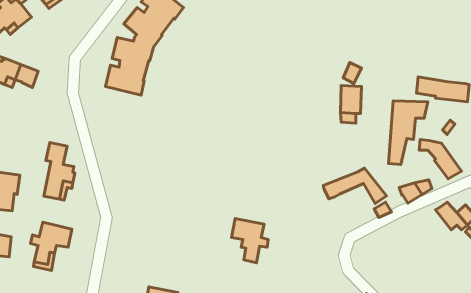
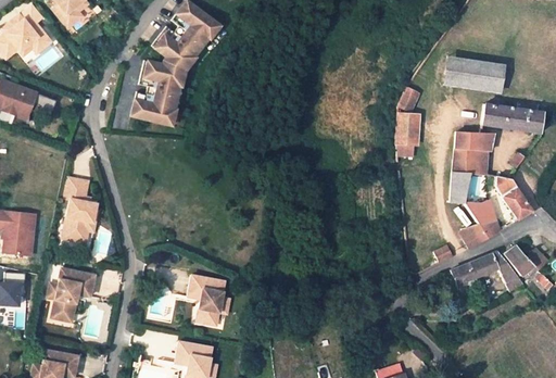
building: none -> [442,58,505,93]
building: none -> [464,200,495,224]
building: [323,168,387,204] -> [451,251,522,291]
building: [231,218,268,263] -> [188,276,229,326]

